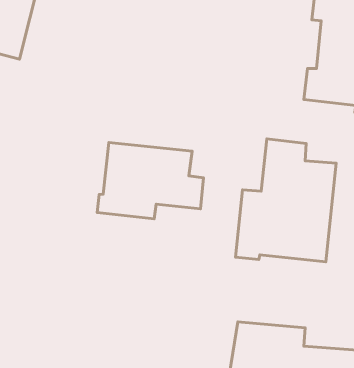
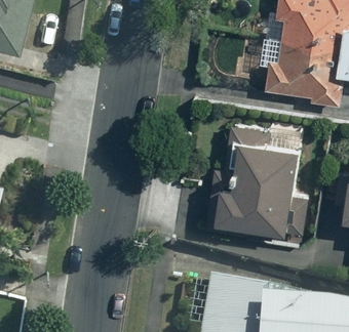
building: [97,142,203,219] -> none

